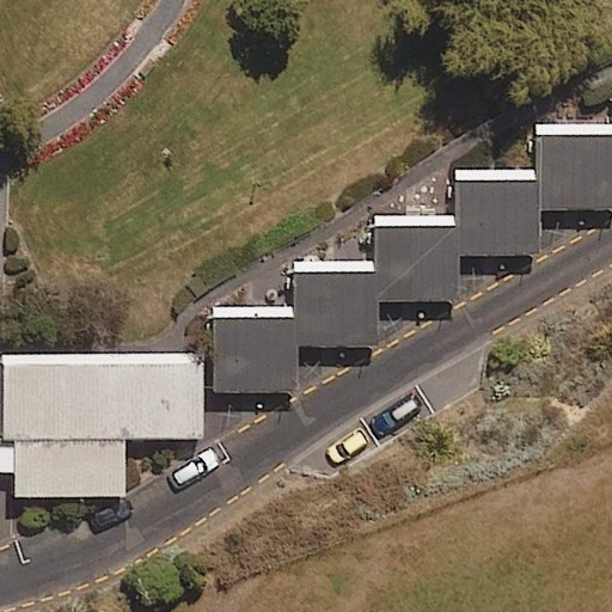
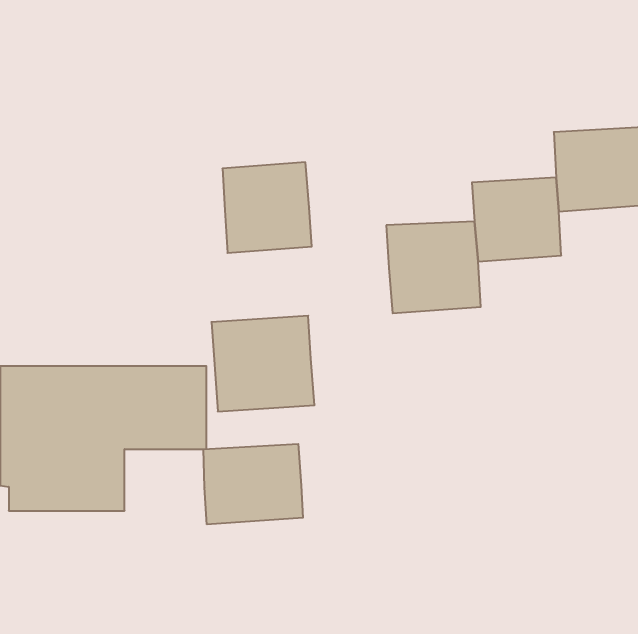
building: [295,263,380,349] -> [222,162,312,253]
building: none -> [203,444,303,524]

